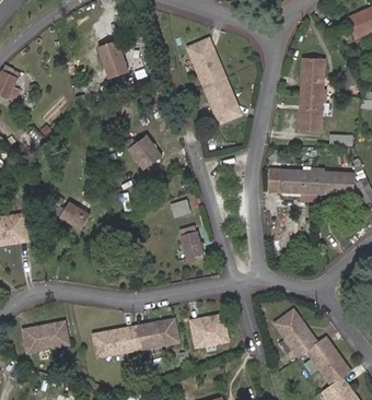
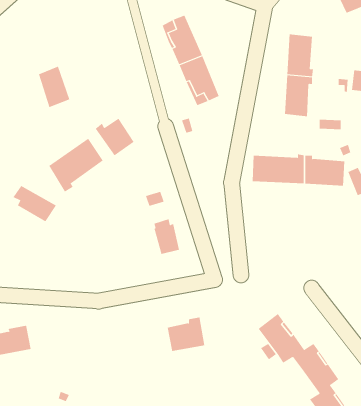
building: [98,39,128,78] -> [38,66,70,108]
building: none -> [49,138,103,193]
building: [92,319,177,357] -> none

